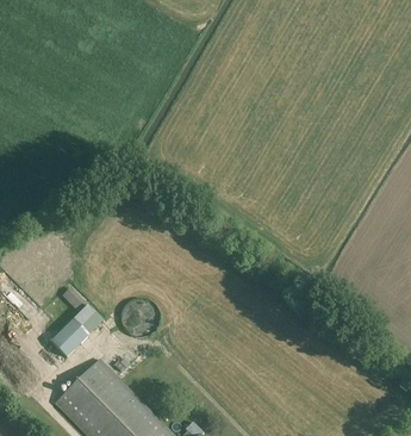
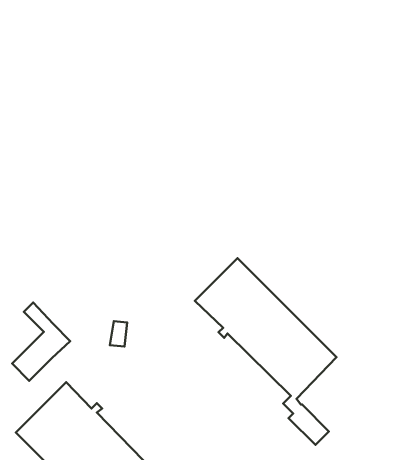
building: none -> [195,258,337,445]

